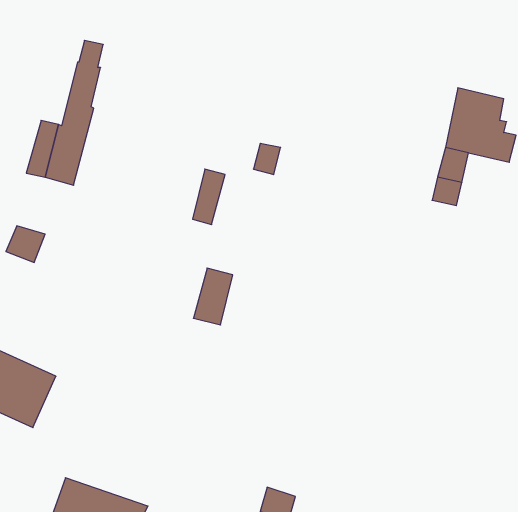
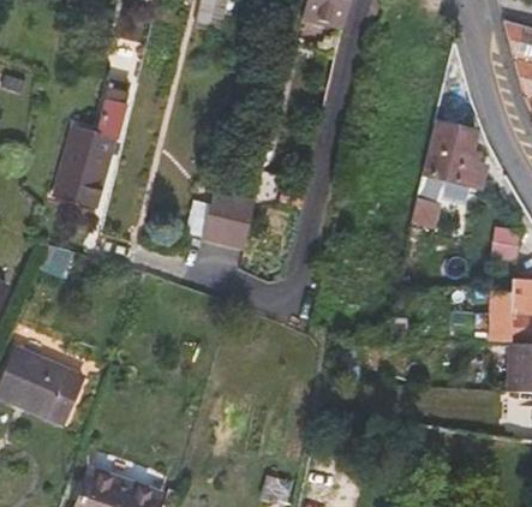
building: [193,268,233,325] -> [219,198,253,249]

